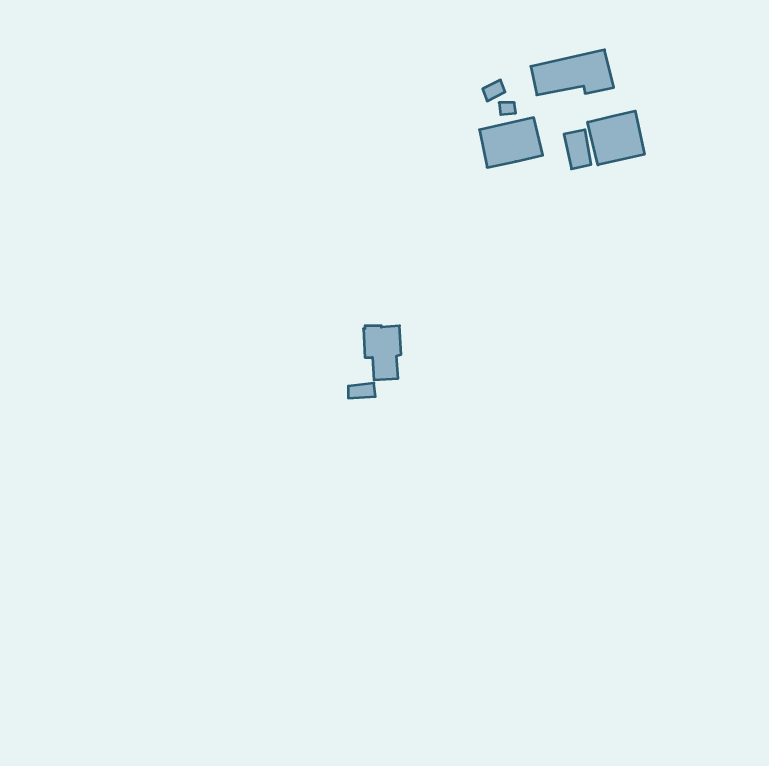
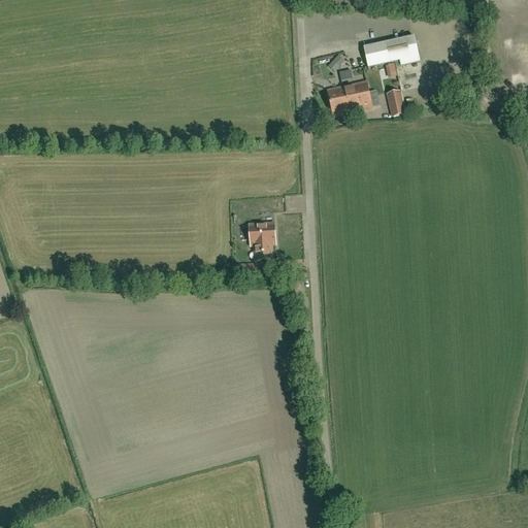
building: [588,111,644,165] -> none

